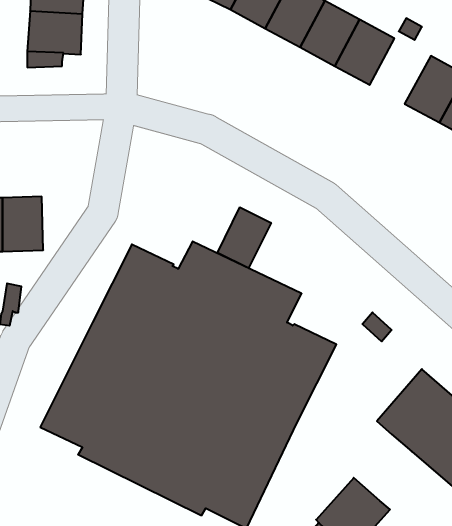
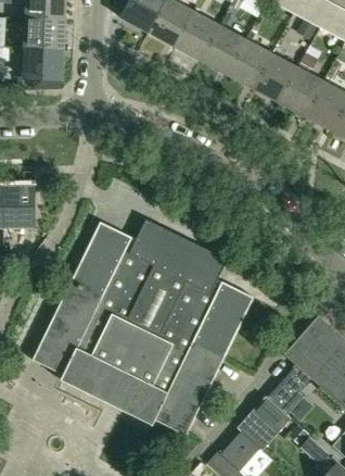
building: none -> [278,67,323,116]
building: [217,207,271,268] -> none
building: none -> [266,364,309,414]

